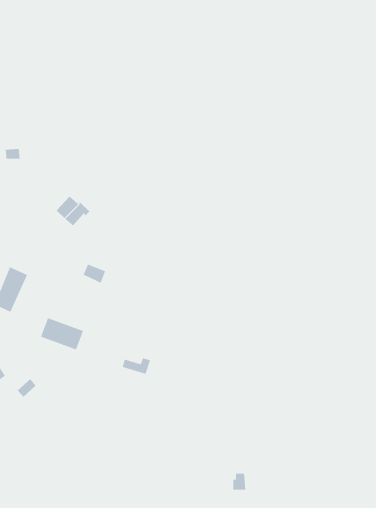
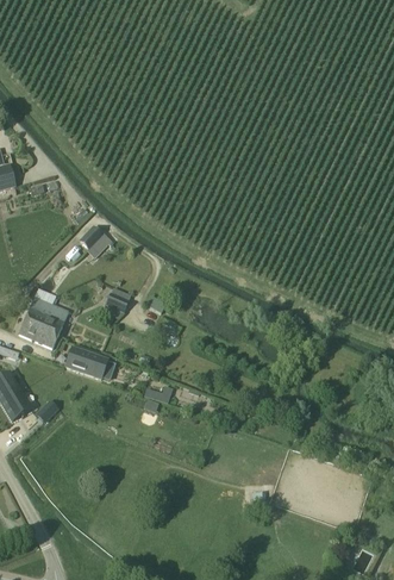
building: none -> [36,305,68,349]

